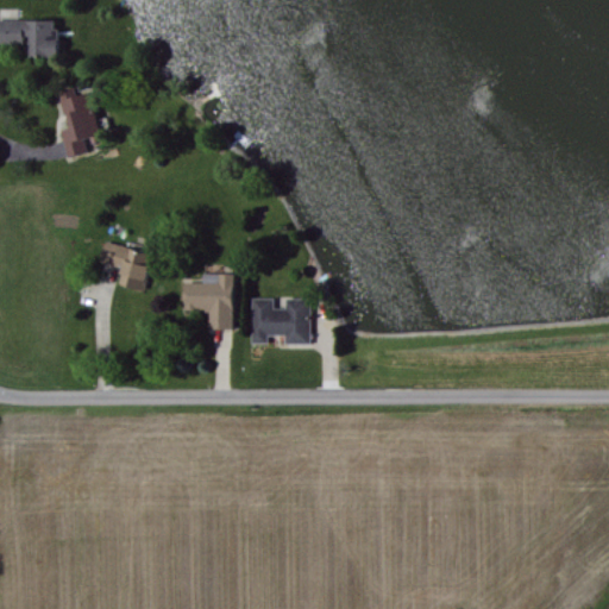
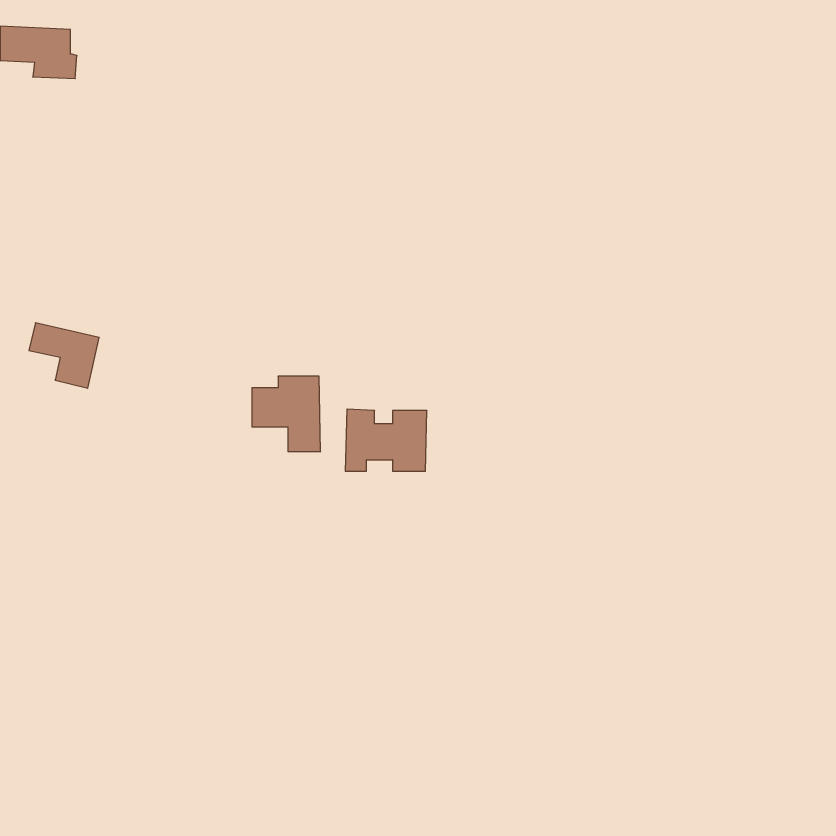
building: [58,88,99,157] -> none
building: [99,241,150,289] -> [29,323,99,388]

